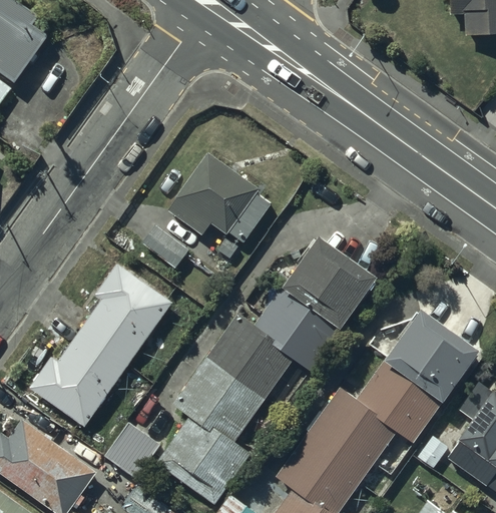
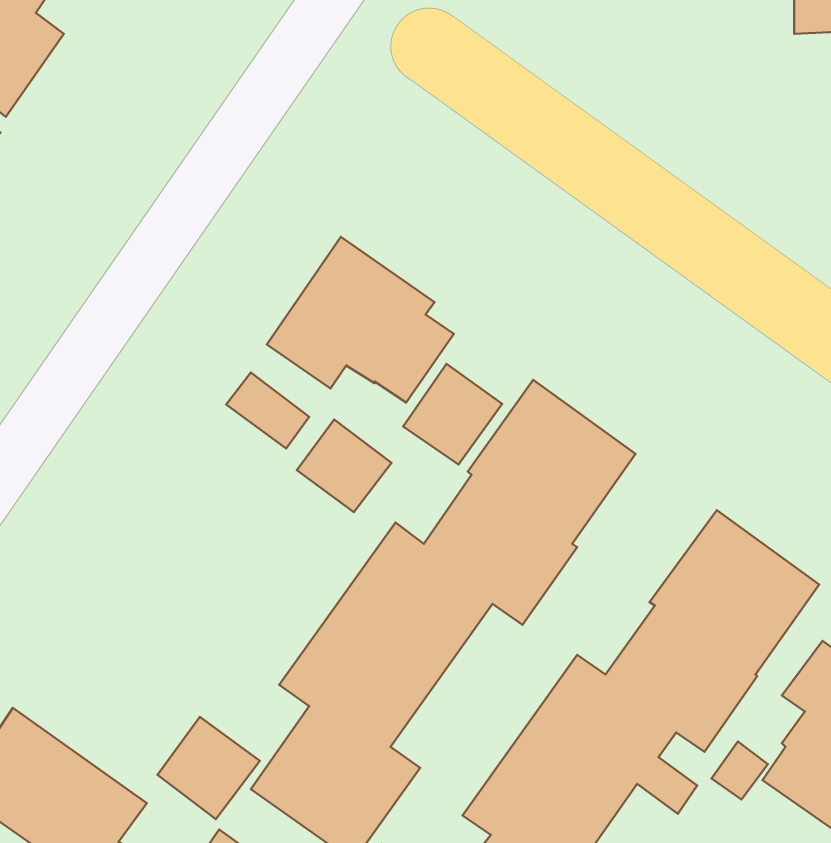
building: none -> [403,364,502,465]
building: none -> [297,419,392,512]
building: [29,265,171,428] -> none

